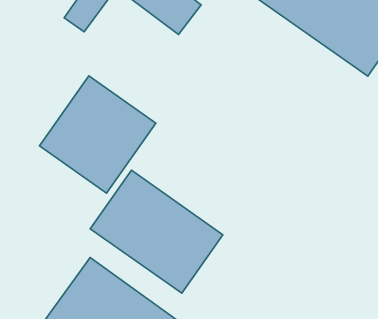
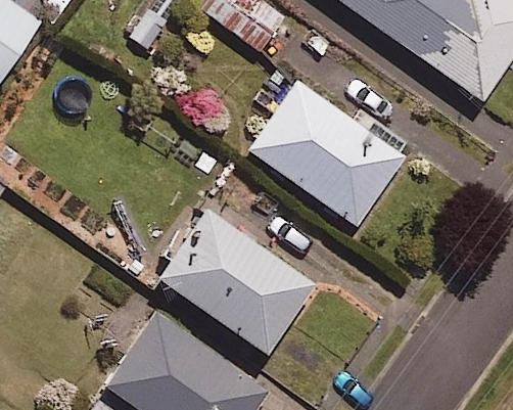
building: none -> [250,82,406,226]
building: [39,76,156,193] -> none

